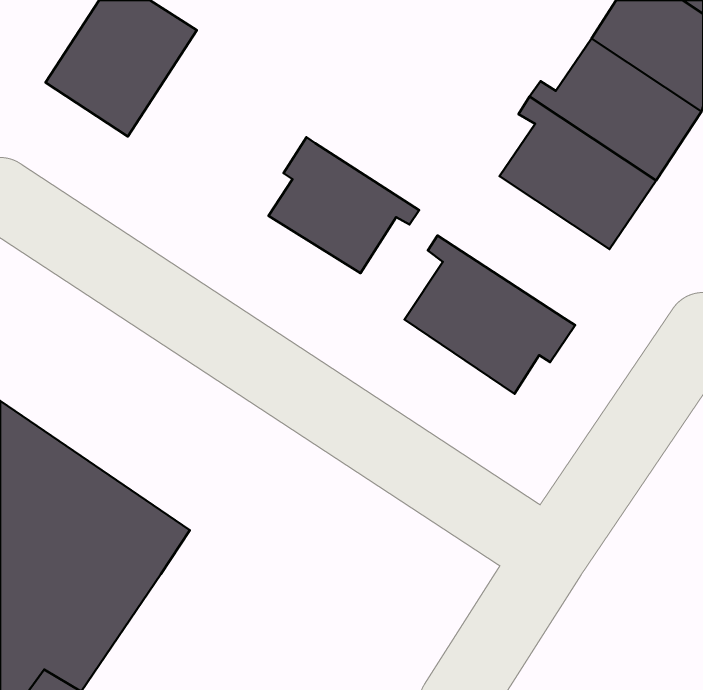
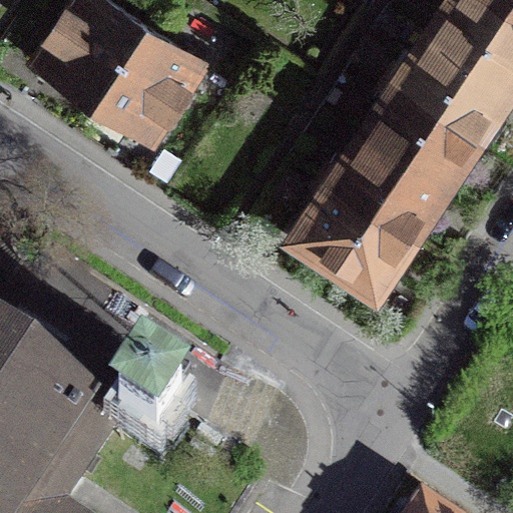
building: none -> [93,32,202,148]
building: [268,137,419,273] -> none
building: none -> [319,138,444,241]

